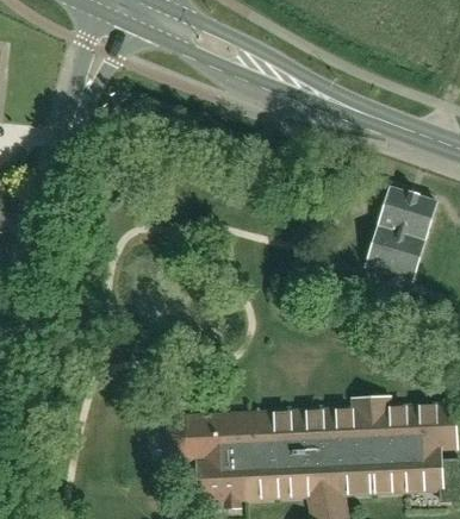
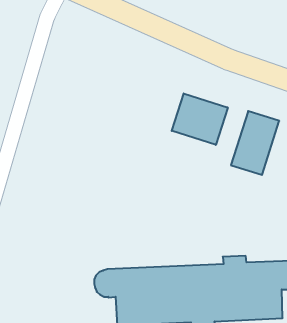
building: none -> [172,93,228,145]

